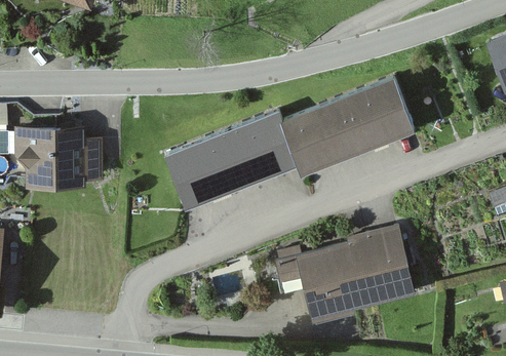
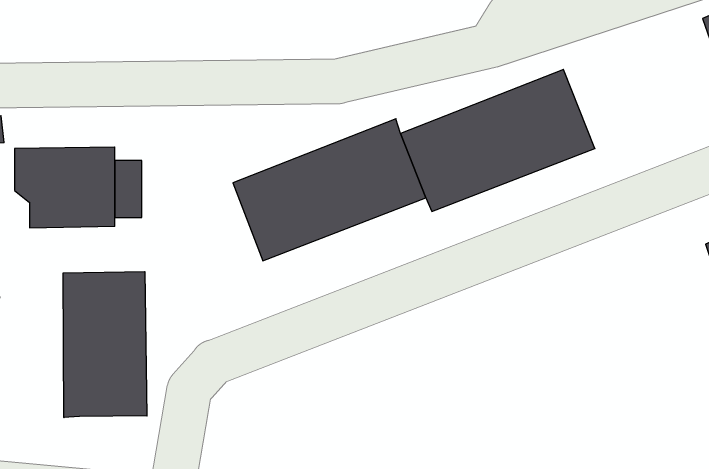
building: none -> [63,272,147,418]
building: [270,226,414,322] -> none

